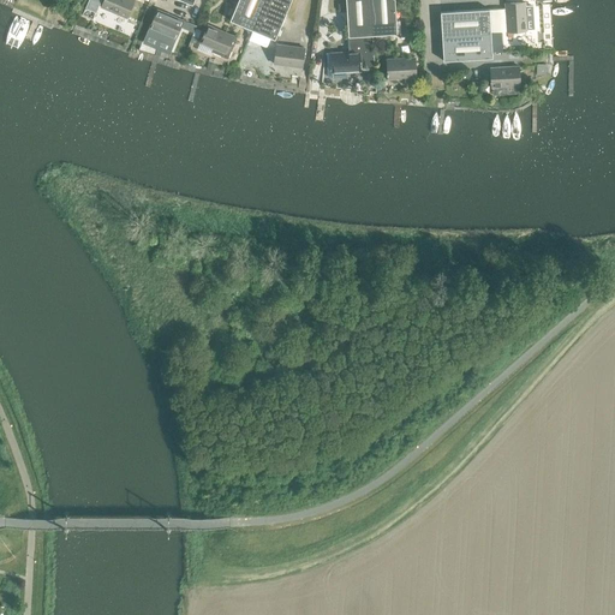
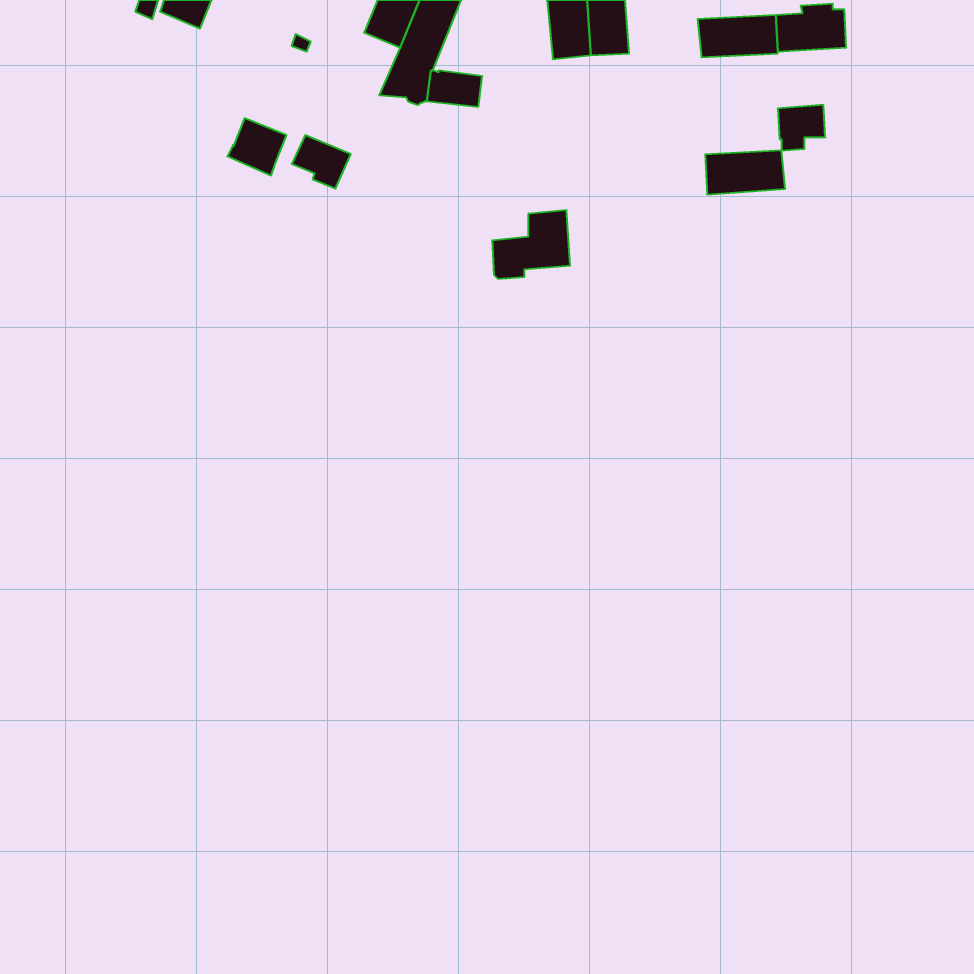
building: [145,10,183,46] -> [227,118,286,175]
building: [199,25,237,59] -> [292,135,351,189]
building: [442,34,492,61] -> [705,151,785,194]
building: [326,35,375,78] -> [492,210,570,279]
building: [387,58,416,79] -> none

